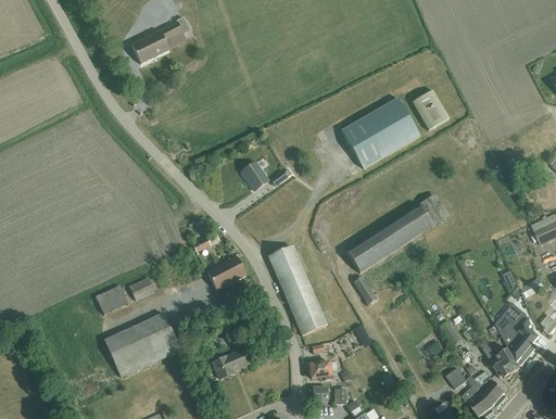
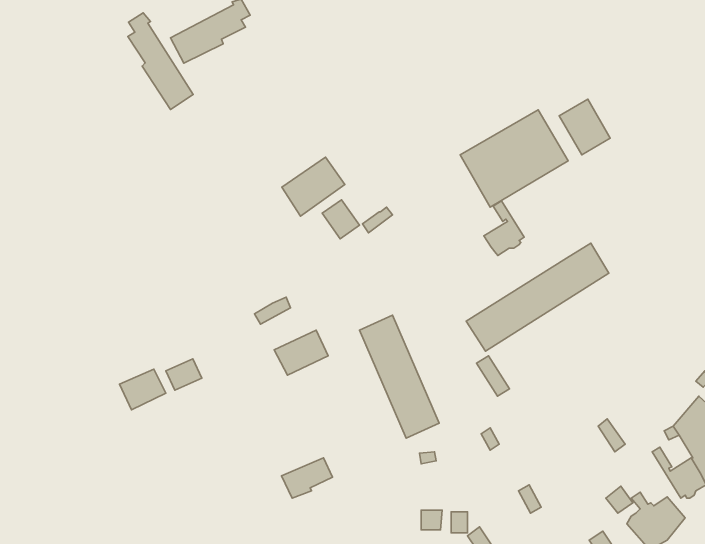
building: none -> [128,13,193,109]
building: none -> [282,157,345,216]
building: none -> [484,201,524,256]
building: [105,315,180,376] -> none
building: [308,360,338,379] -> none

